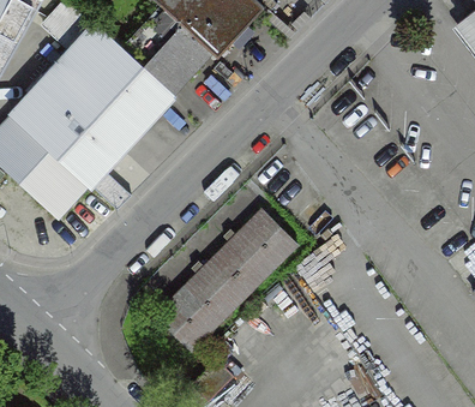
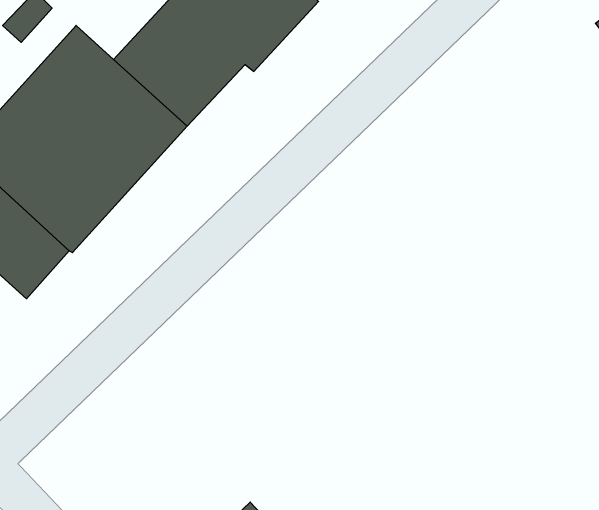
building: [155,209,297,352] -> none

